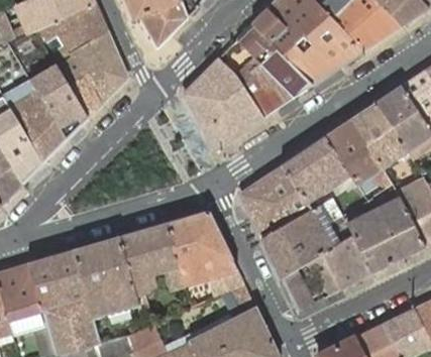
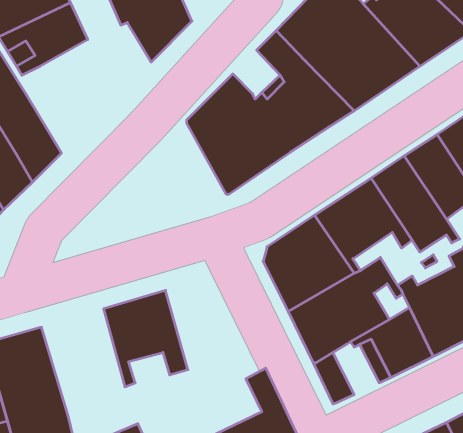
building: [61,31,127,118] -> none
building: [168,211,244,296] -> none
building: [73,237,138,319] -> none

